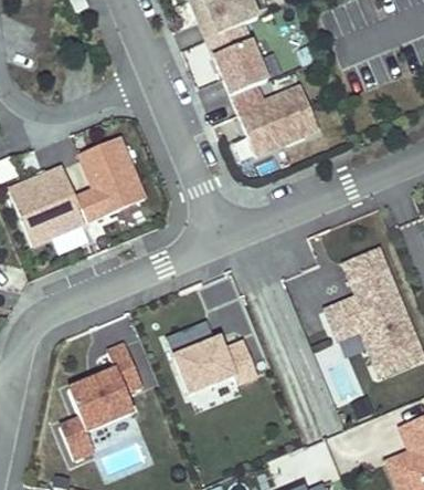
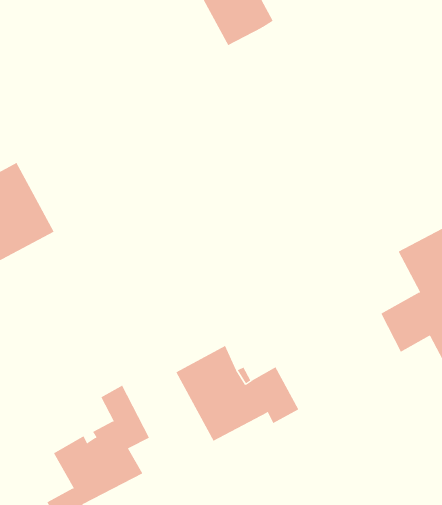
building: [230,83,318,155] -> none
building: [74,137,145,222] -> none

